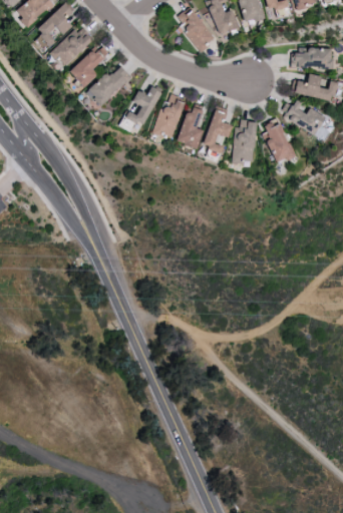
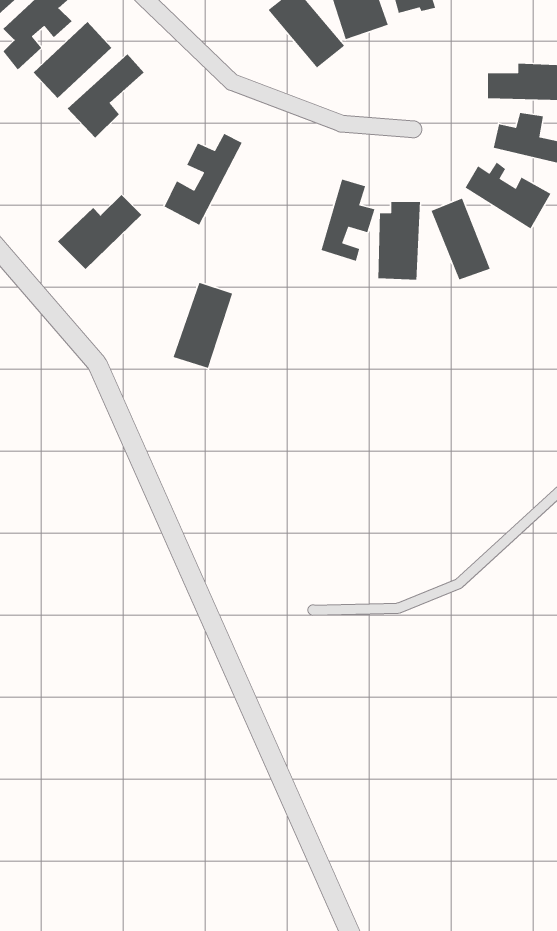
building: [86,66,131,106] -> [57,194,142,270]
building: [153,93,186,139] -> [172,282,233,369]
building: [177,106,204,149] -> none

